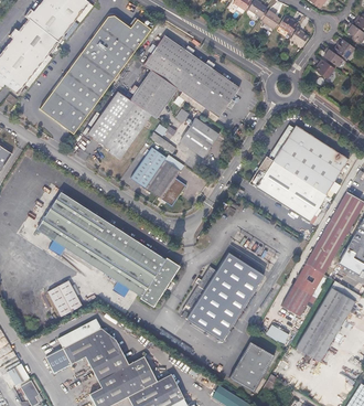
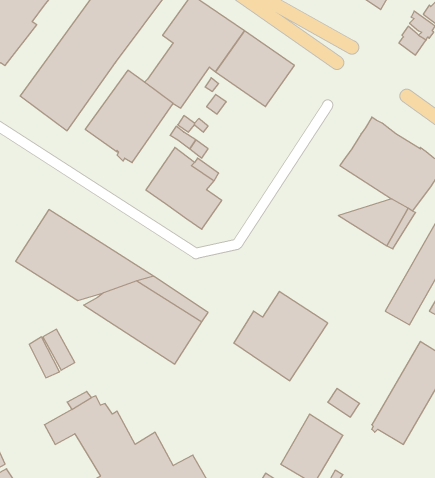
building: [180,117,220,157] -> none
building: [249,154,310,195] -> none
building: [281,265,323,317] -> none
building: [183,288,236,340] -> none

